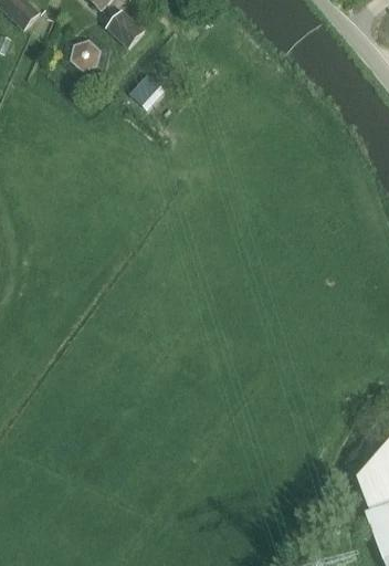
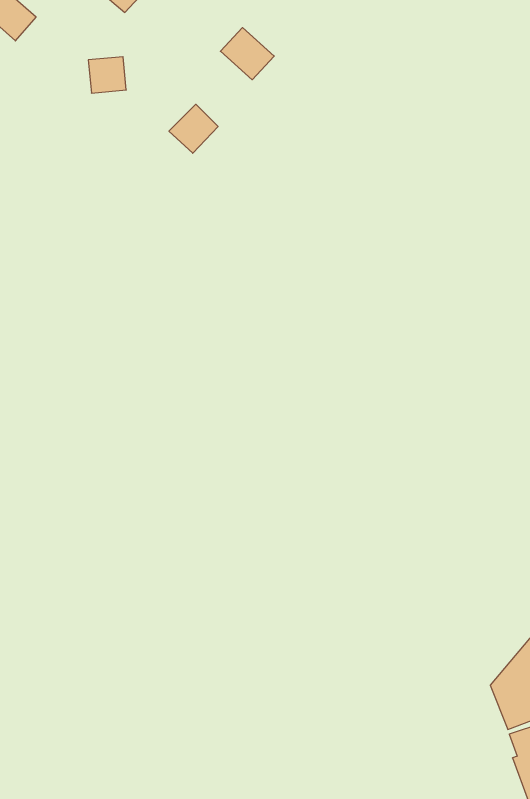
building: [106,10,144,46] -> [220,28,274,80]

